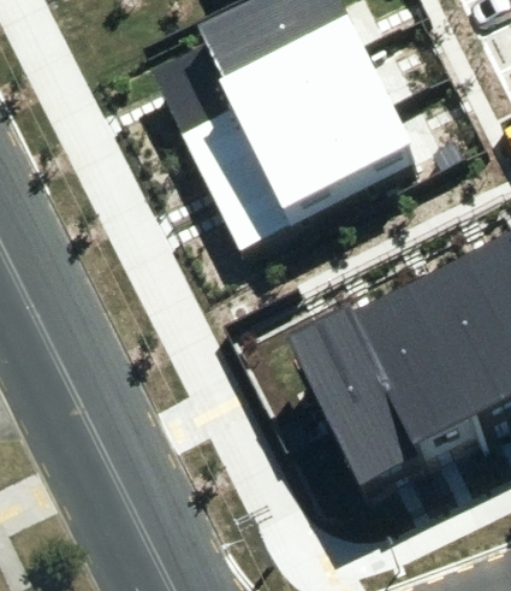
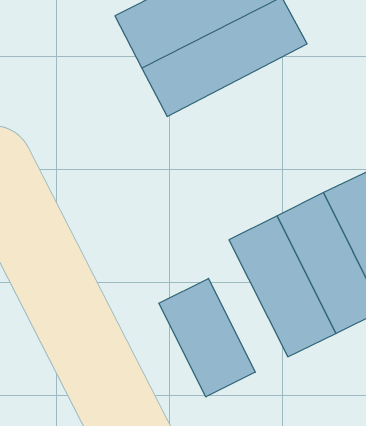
building: [215,95,420,242] -> none
building: none -> [159,278,255,397]

